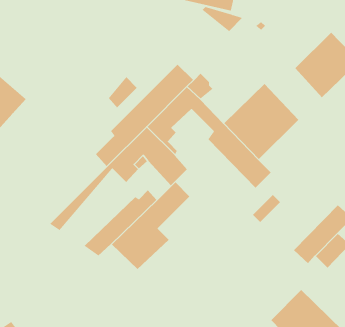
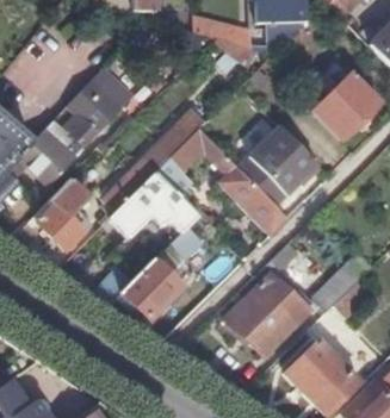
building: none -> [18,69,131,186]
building: none -> [11,179,91,251]
building: none -> [224,274,309,355]

